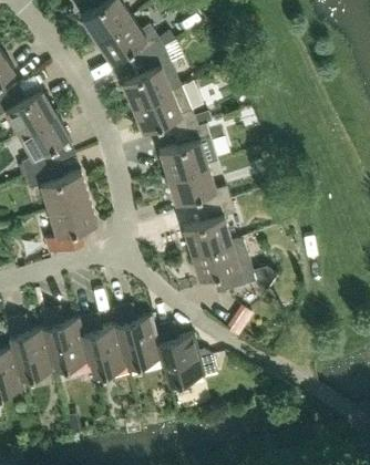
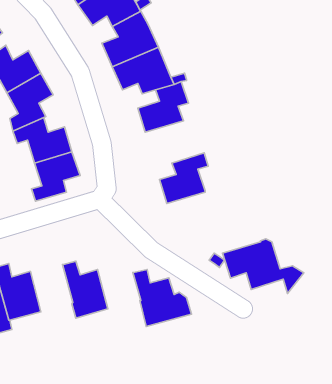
building: [167,166,230,211] -> none
building: [191,239,278,298] -> [222,239,304,294]
building: [113,308,163,368] -> none
building: [40,310,90,371] -> none

